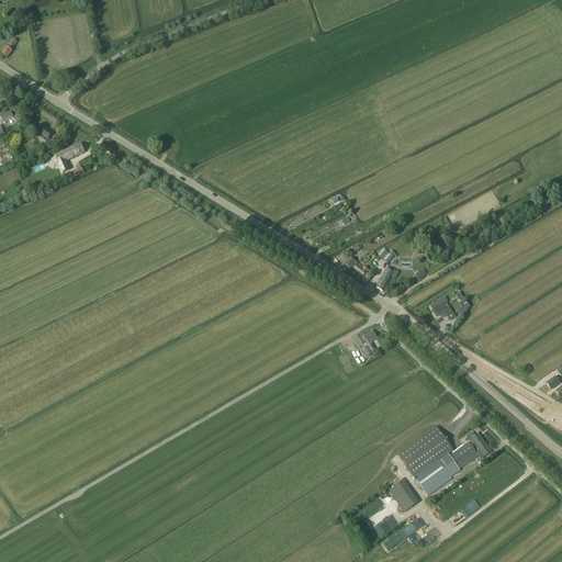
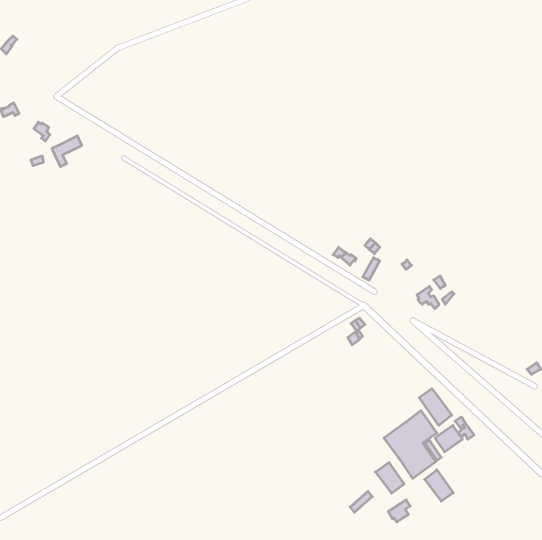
building: none -> [419,389,452,425]
building: none -> [425,470,453,501]

